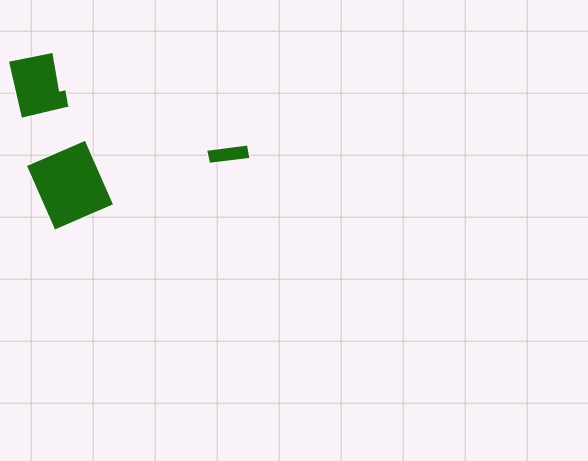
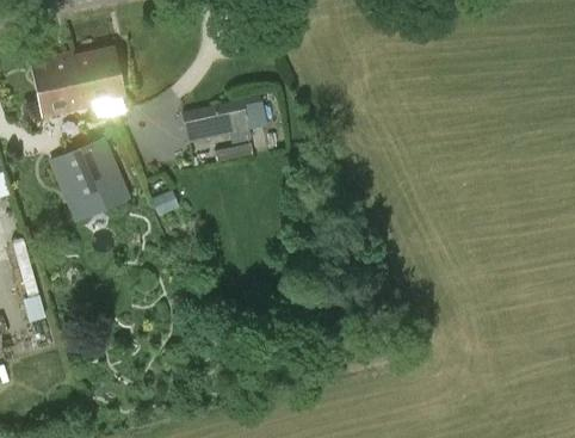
building: none -> [74,47,124,106]
building: none -> [181,98,249,143]

